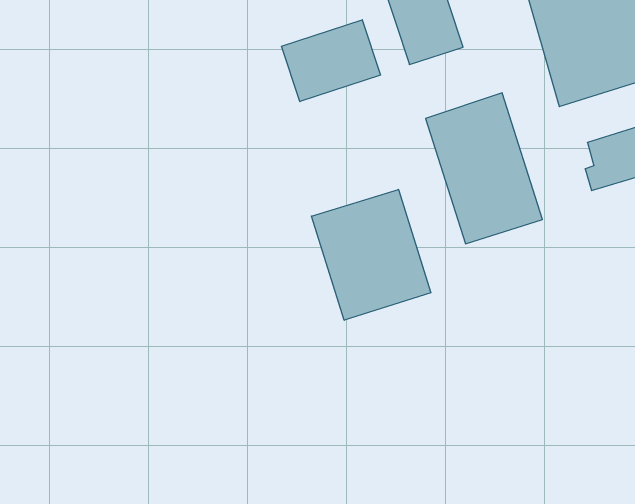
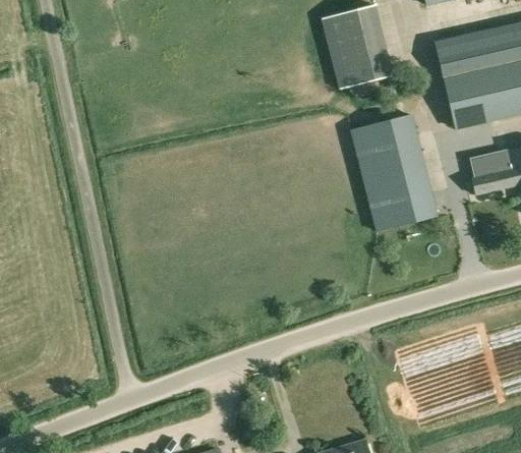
building: [282,20,381,102] -> none
building: [311,189,431,320] -> none

